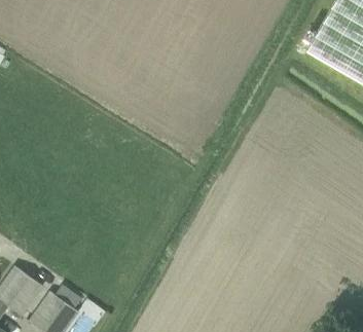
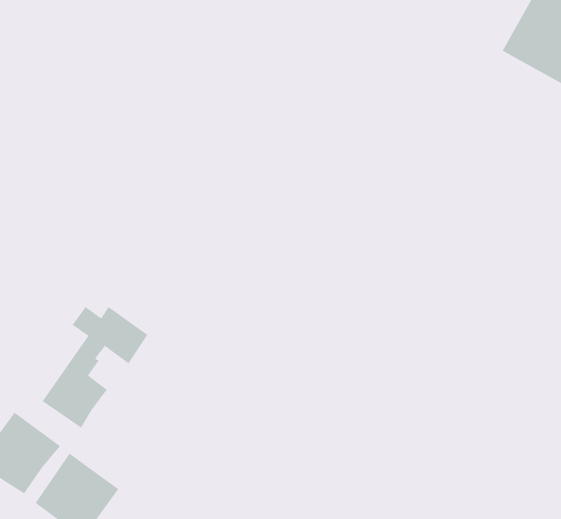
building: none -> [42,306,148,429]

